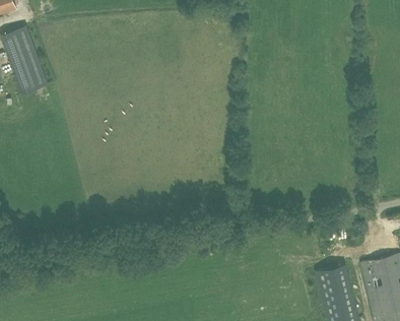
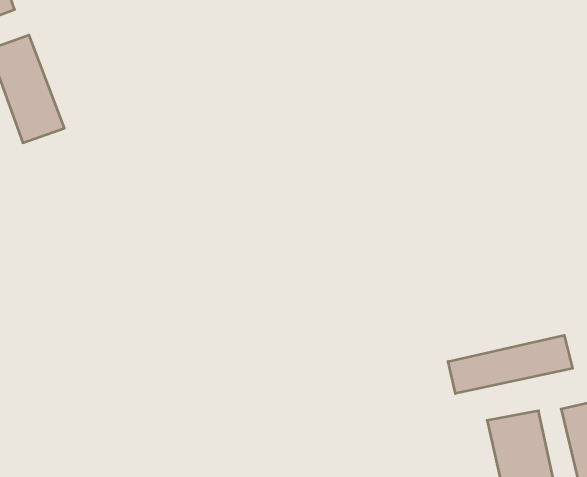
building: none -> [448,335,573,394]

